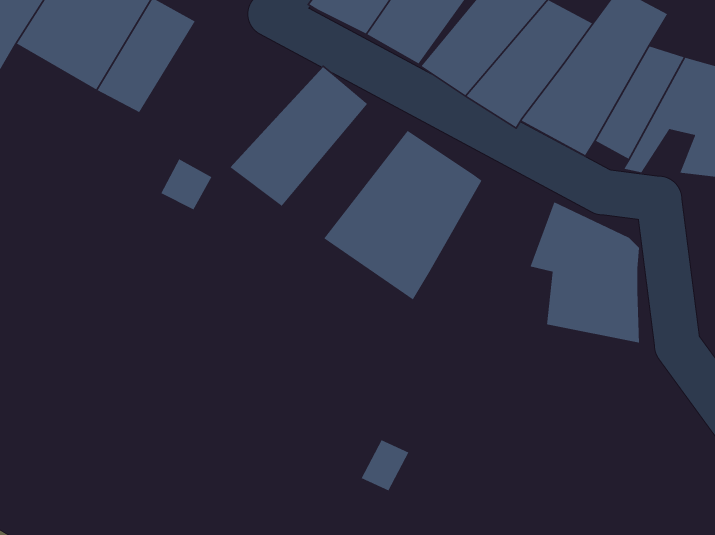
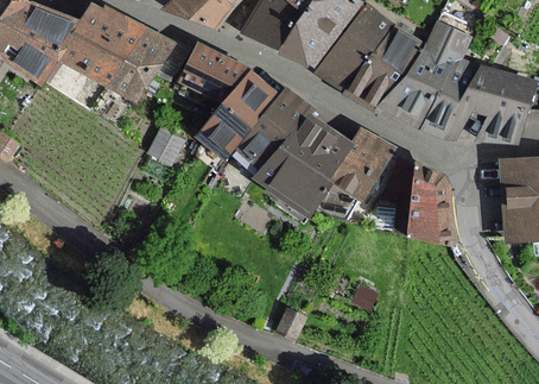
building: none -> [180,42,252,102]
building: none -> [226,89,309,180]
building: none -> [319,130,394,216]

